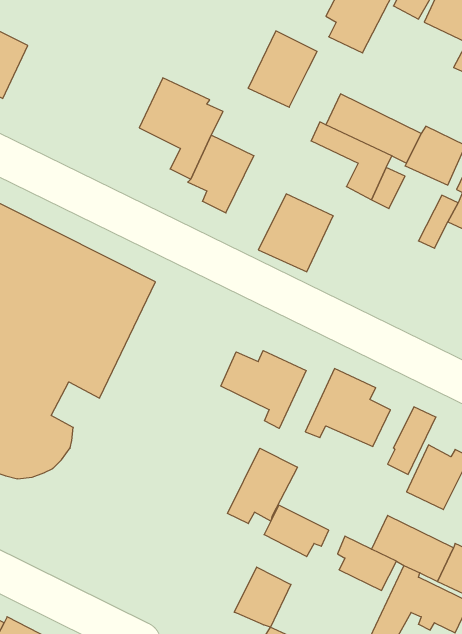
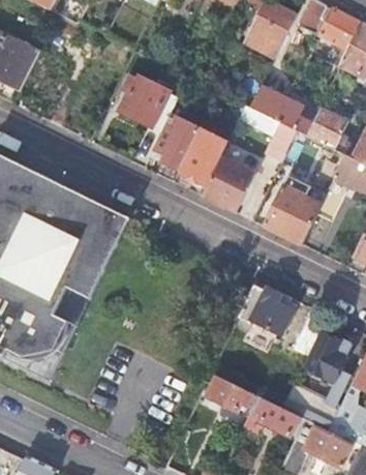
building: [248,31,317,107] -> [179,129,227,183]
building: none -> [263,176,321,244]
building: [221,351,306,428] -> none
building: [227,448,297,524] -> none
building: [234,567,291,627] -> none

